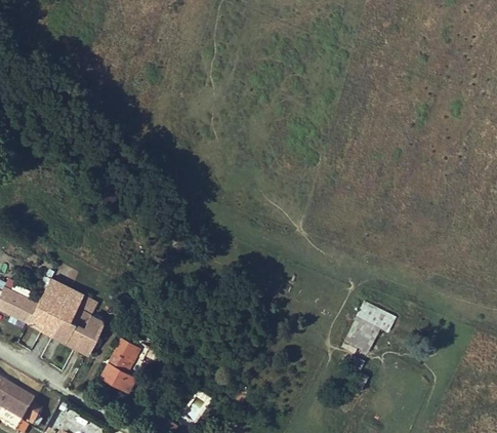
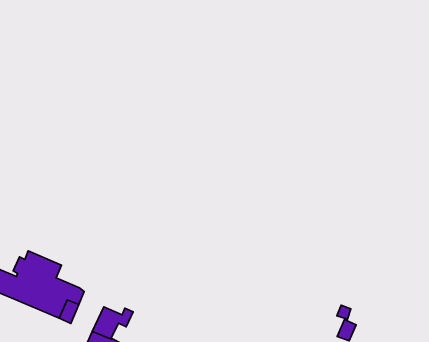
building: [345,299,397,350] -> none

